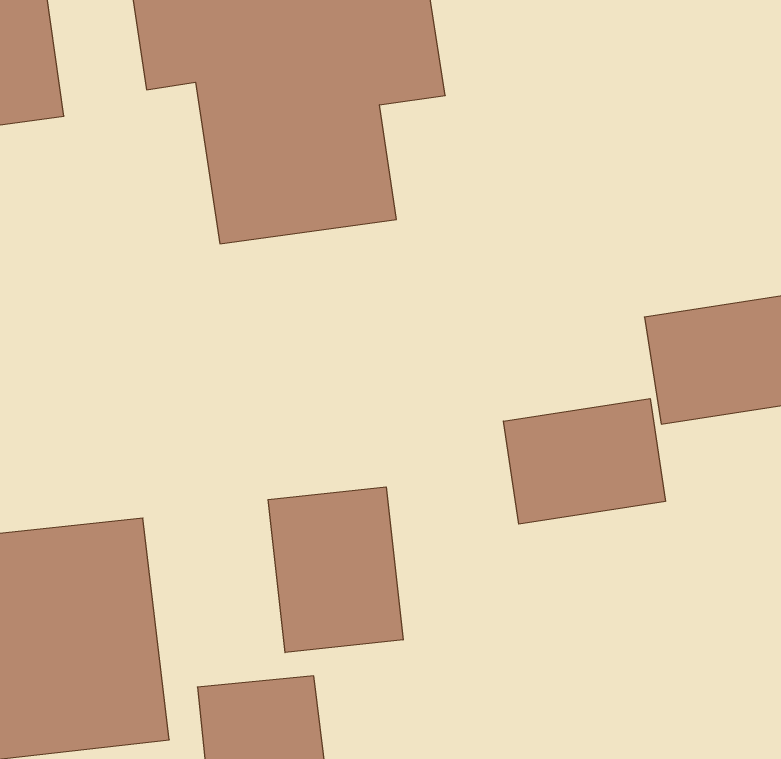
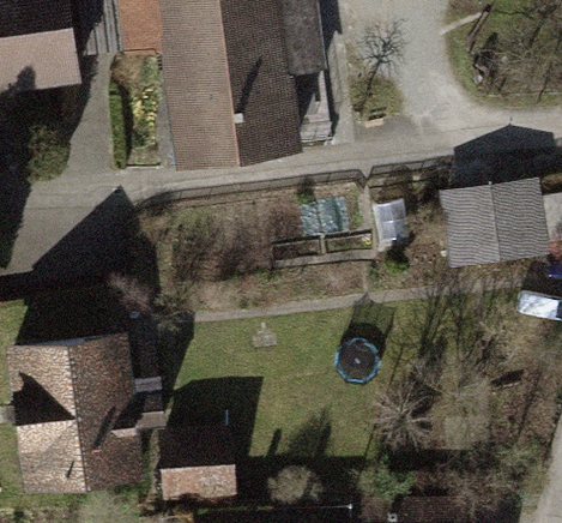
building: [503,399,665,524] -> none
building: [268,487,403,653] -> none

